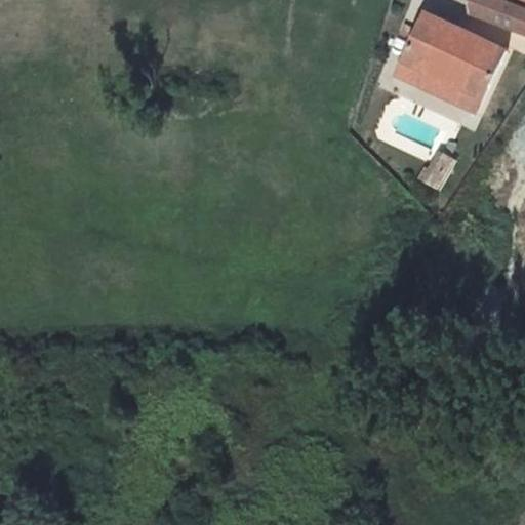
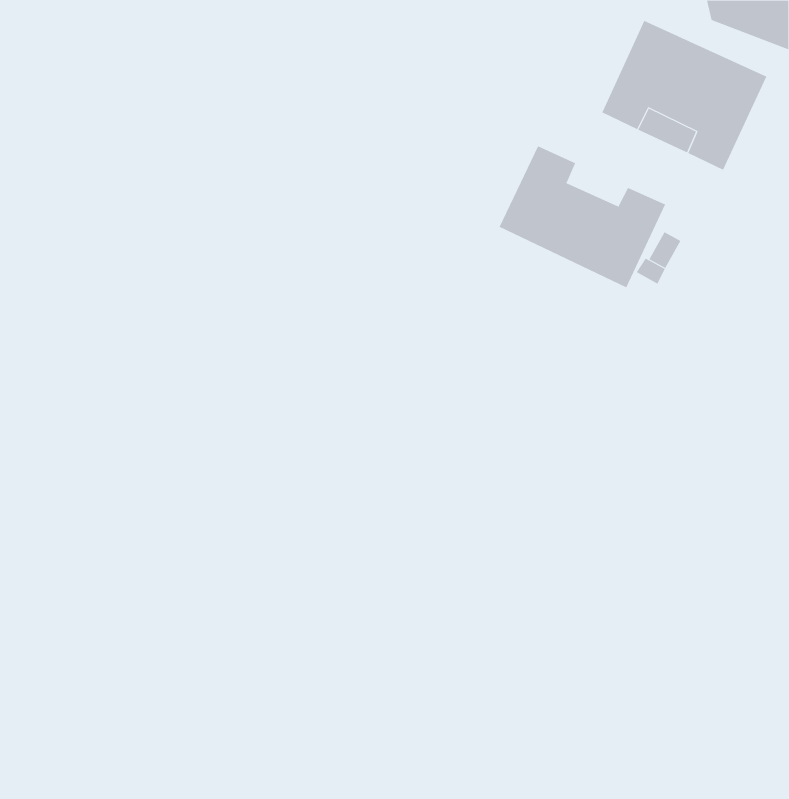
building: none -> [499,145,666,288]

